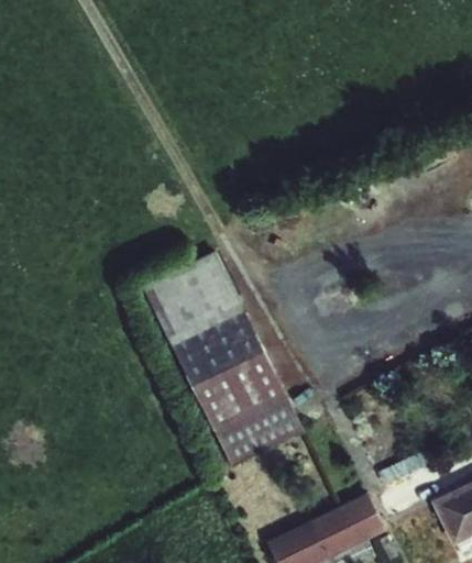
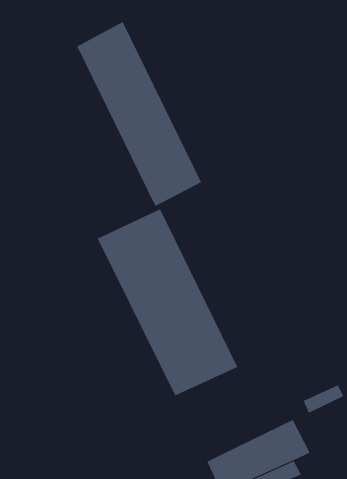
building: none -> [77,21,202,207]

